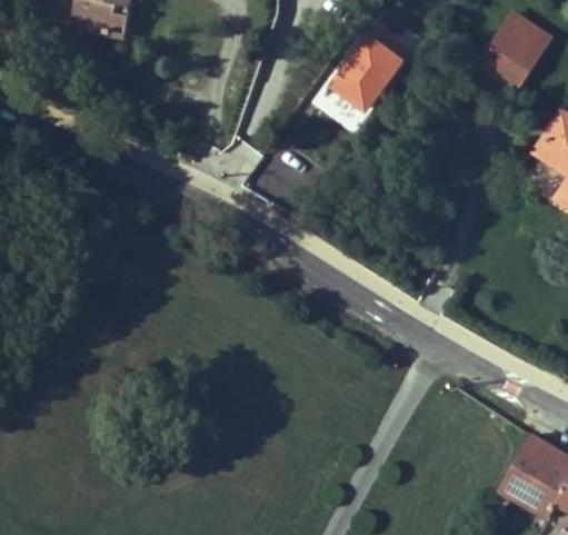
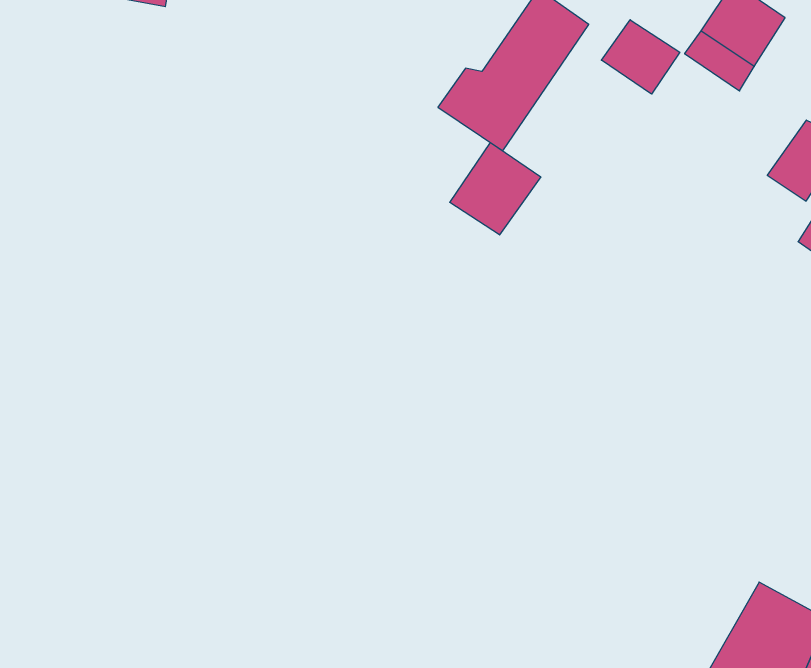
building: none -> [601,20,680,94]
building: none -> [450,143,541,235]

